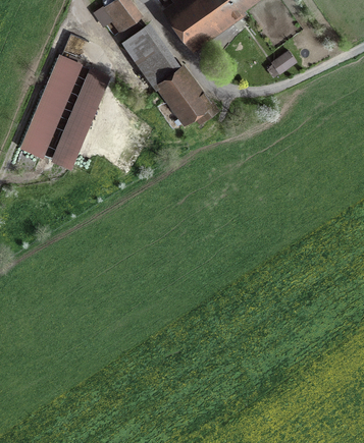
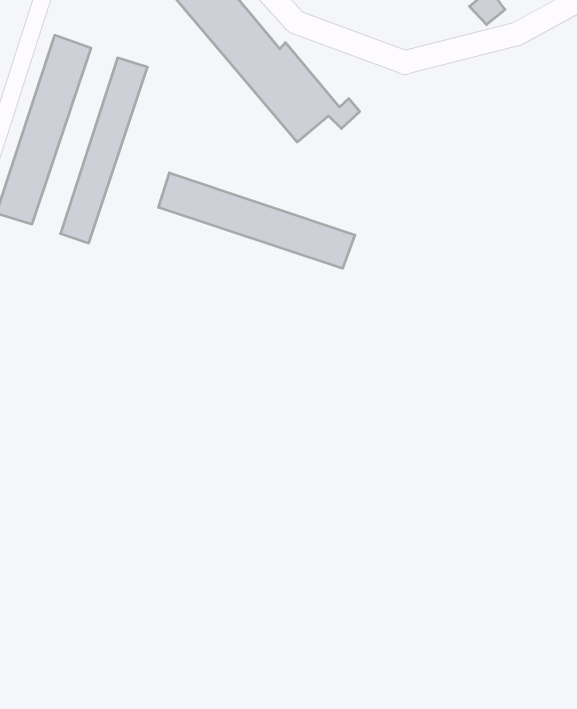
building: none -> [159,173,355,268]

